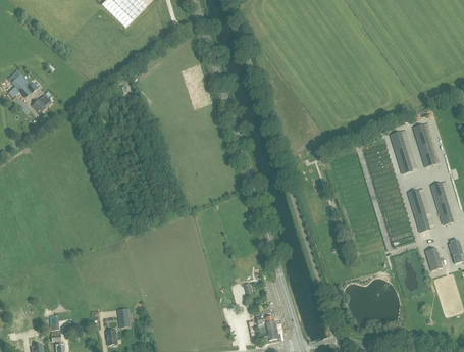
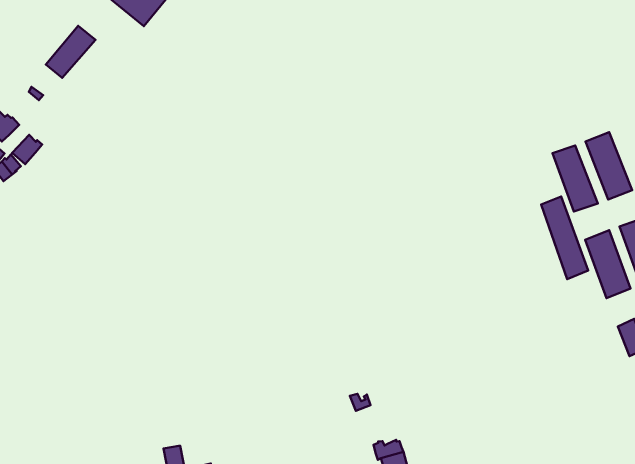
building: none -> [46,26,96,78]
building: none -> [541,197,588,279]

